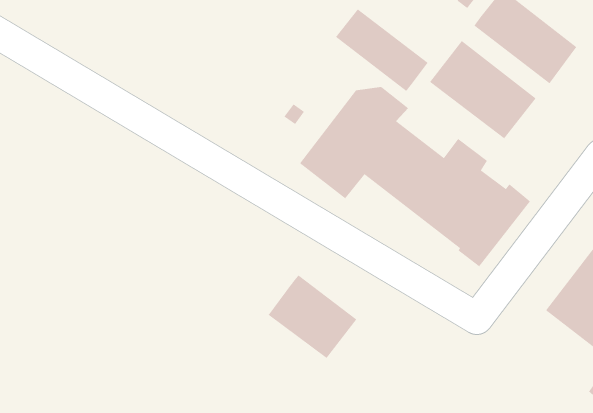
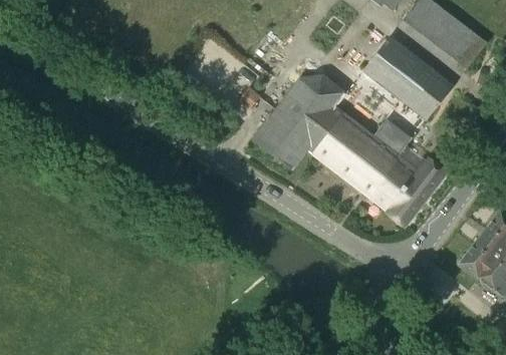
building: [335,9,428,92] -> none
building: [268,274,357,359] -> none

